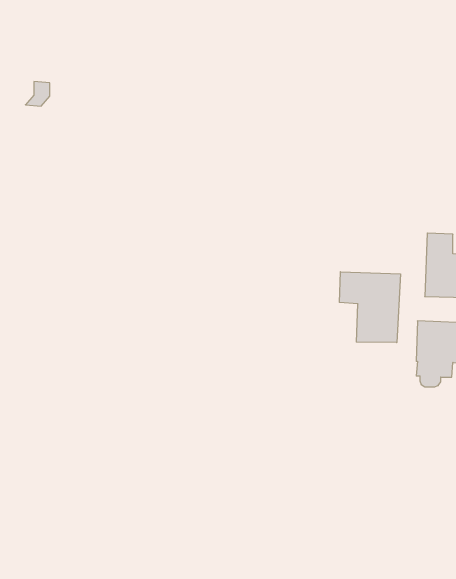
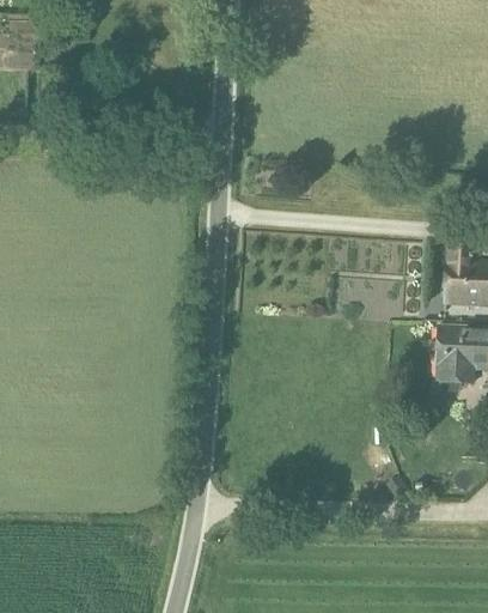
building: [339,272,400,343] -> none

